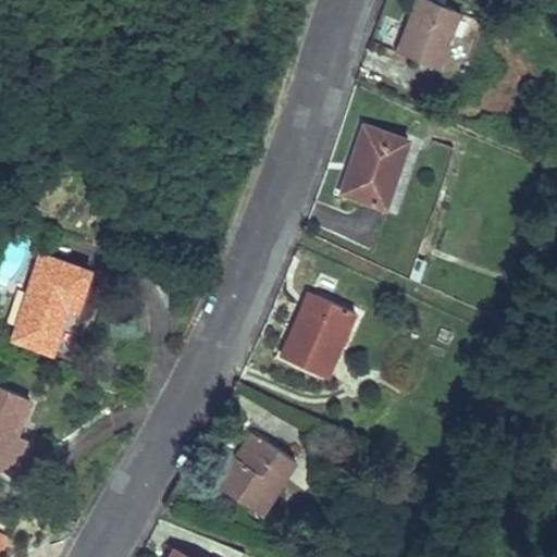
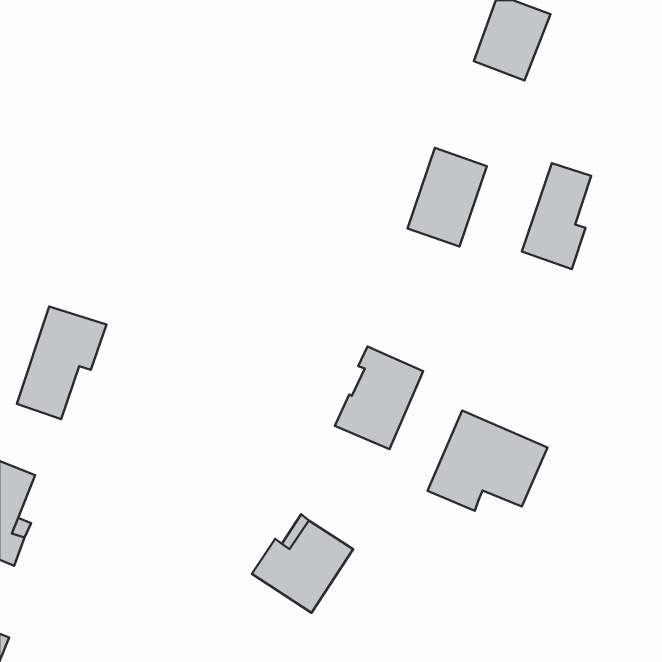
building: none -> [522,163,591,269]
building: none -> [427,411,548,511]

